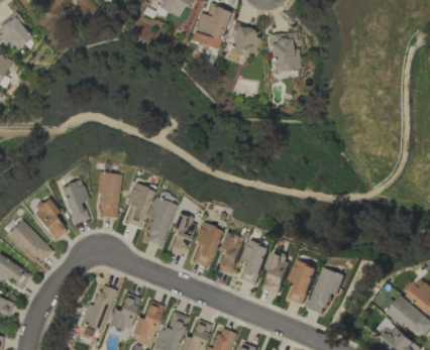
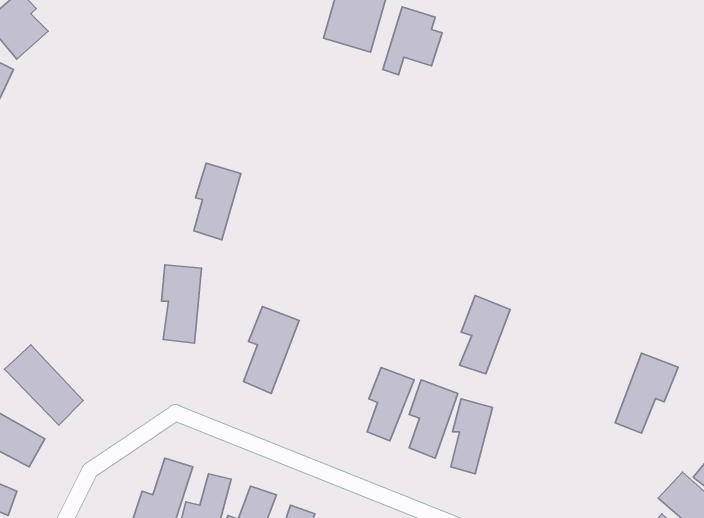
building: [270,33,302,72] -> none
building: [63,181,89,225] -> none
building: [126,184,153,228] -> [194,163,241,240]
building: [32,199,67,240] -> none
building: [170,214,197,256] -> none
building: [193,222,222,267] -> none
building: [288,258,317,304] -> [460,295,510,374]
building: [308,266,344,313] -> [615,353,678,433]

